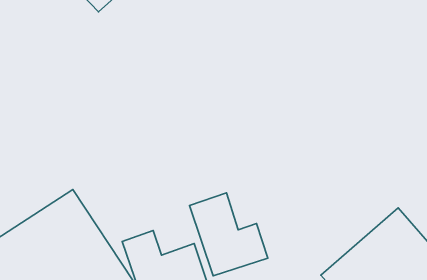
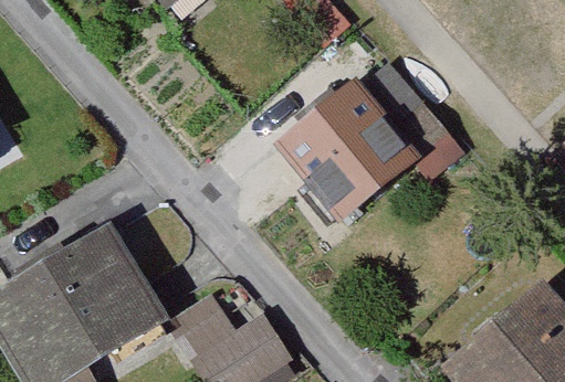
building: none -> [269,72,430,235]
building: [189,193,268,276] -> none

